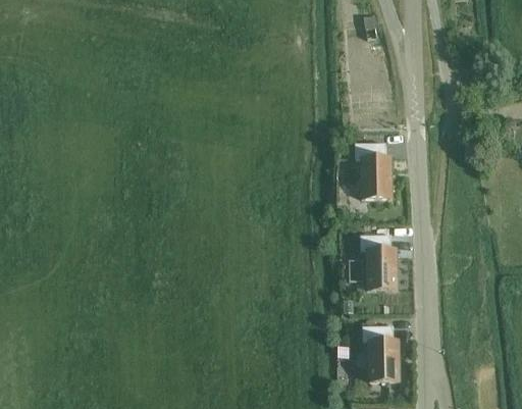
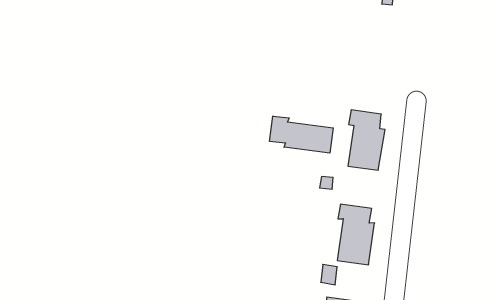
building: none -> [270,116,333,153]

